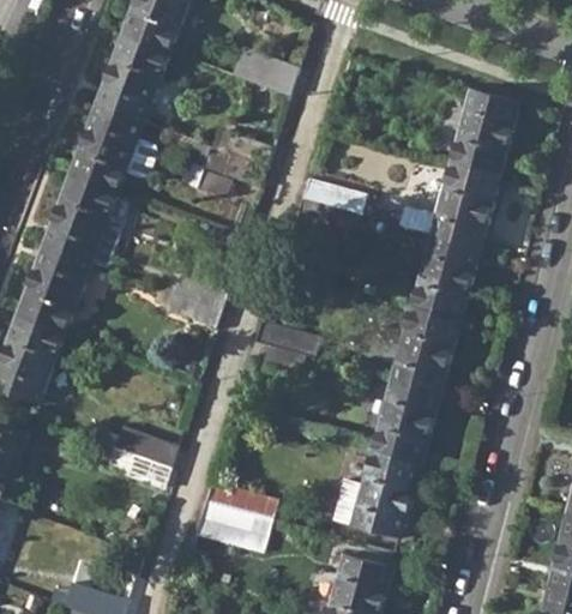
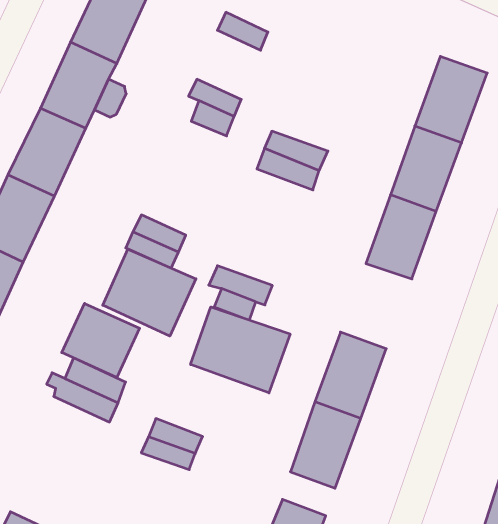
building: [392,306,460,391] -> none
building: none -> [103,249,196,336]
building: none -> [191,307,290,393]
building: none -> [62,303,140,378]

